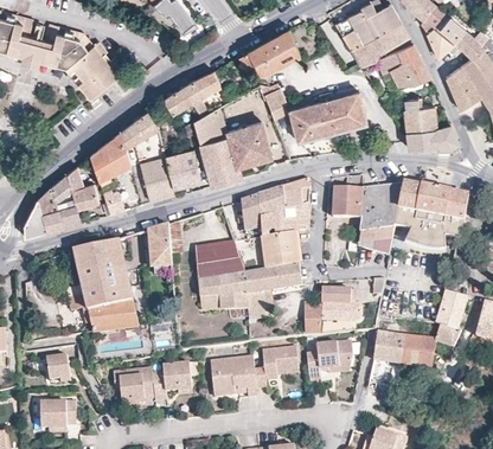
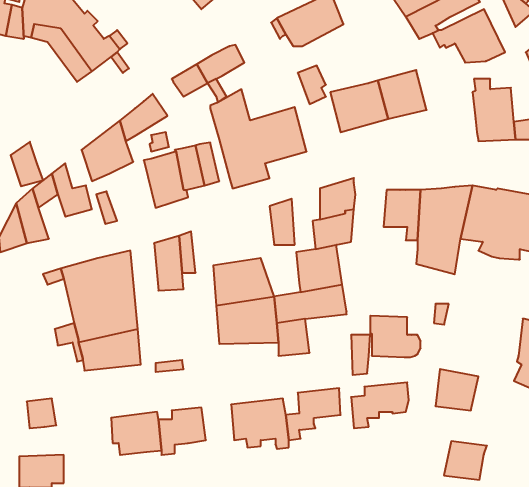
building: [258,185,281,236] -> none
building: [56,190,82,225] -> [11,142,43,186]
building: [402,335,436,366] -> [444,441,487,480]

